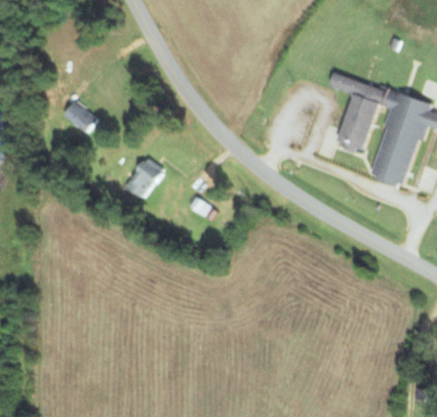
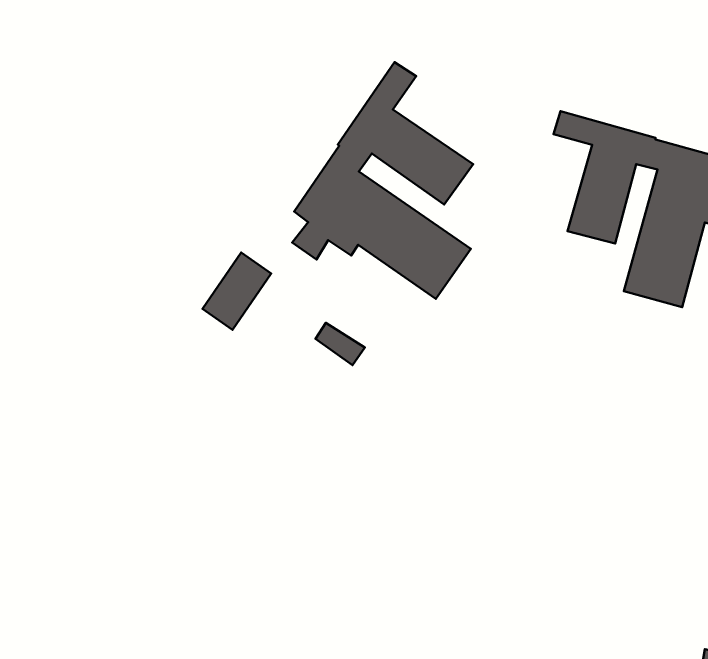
building: none -> [292,62,473,299]
building: [64,100,98,134] -> none

